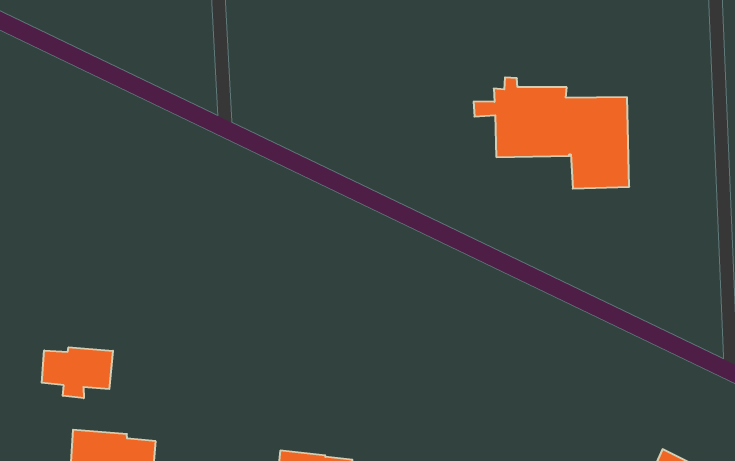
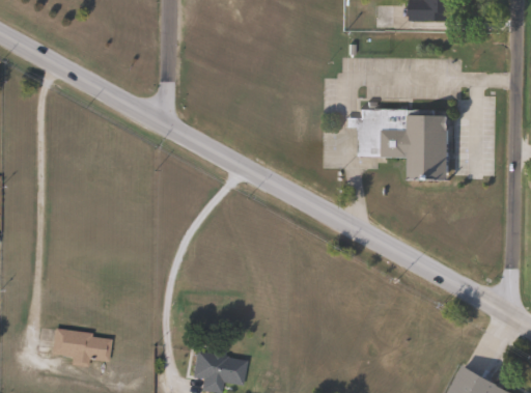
building: [42,347,113,398] -> none

